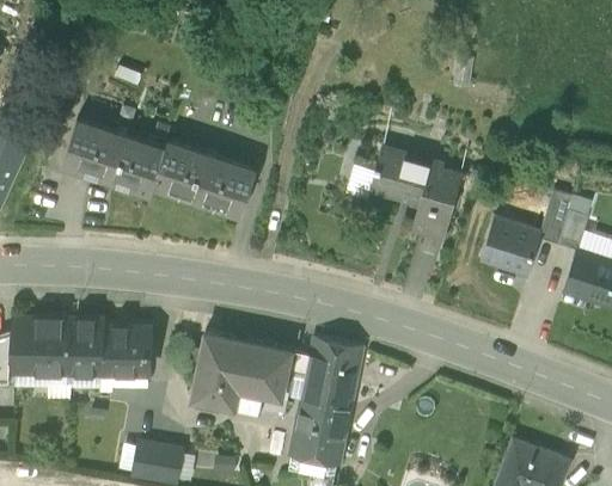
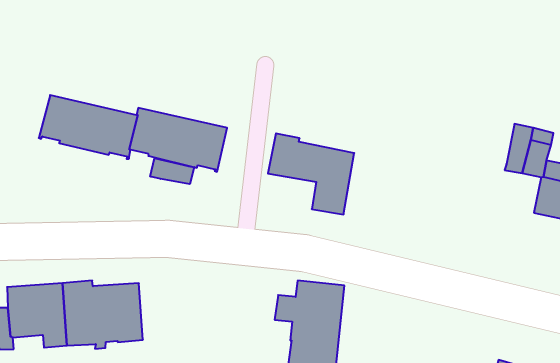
building: [369,152,460,241] -> [268,133,354,214]
building: none -> [150,158,194,184]
building: [481,222,540,277] -> none
building: [191,331,293,406] -> none

